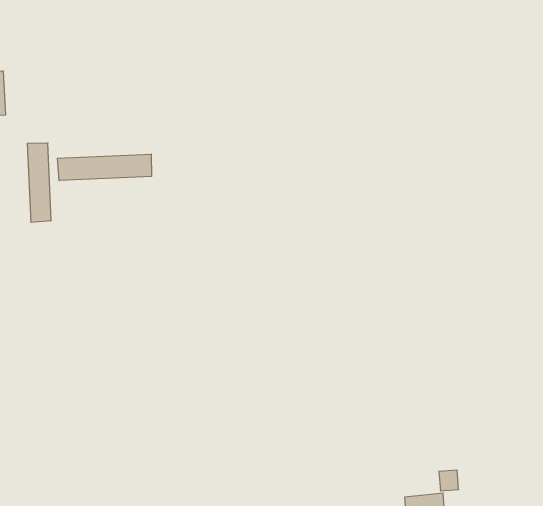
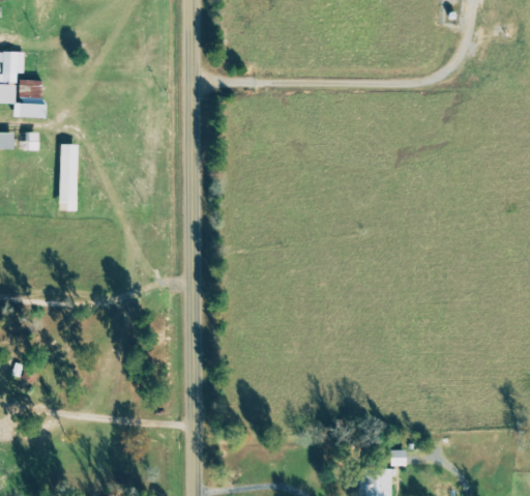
building: [57,154,152,181] -> none

